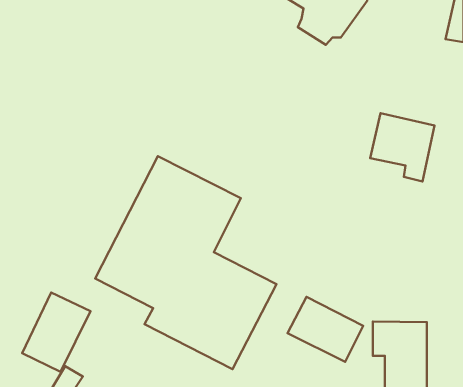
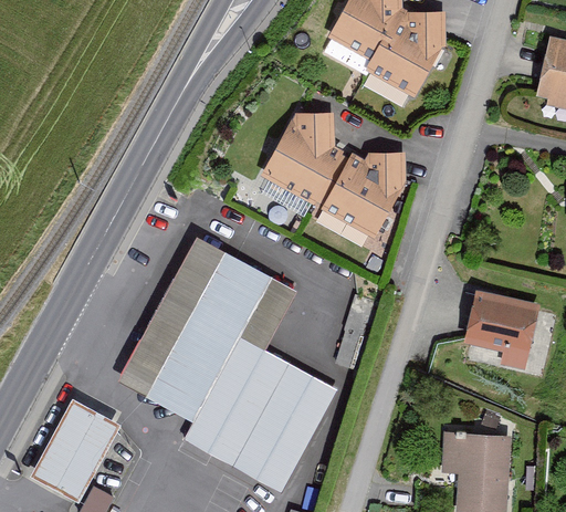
building: none -> [264,114,406,238]
building: [370,113,435,181] -> [455,292,532,373]
building: [288,297,363,362] -> none

